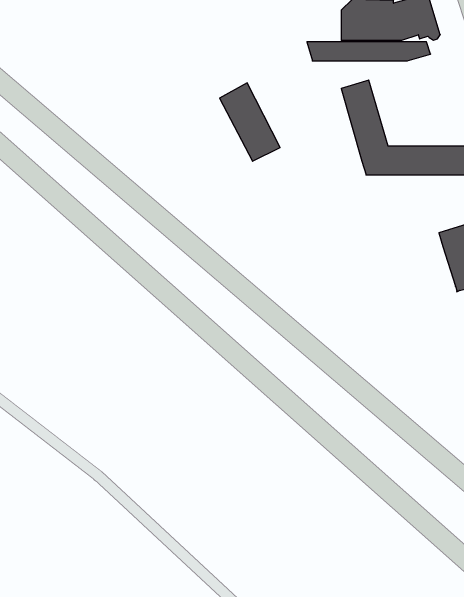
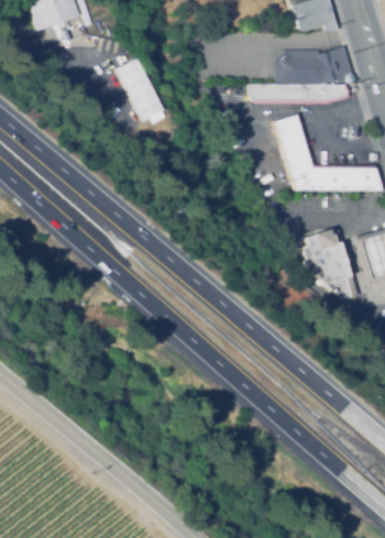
building: [220,83,280,161] -> [117,58,165,121]
building: none -> [302,228,360,298]

